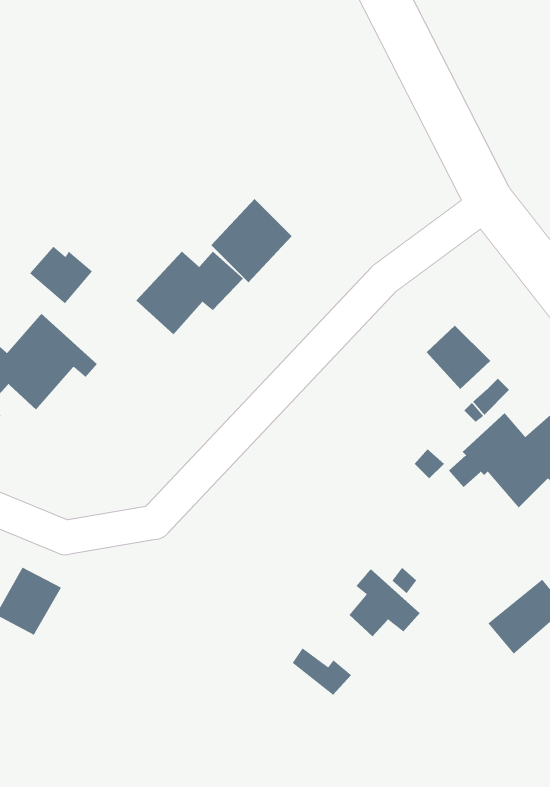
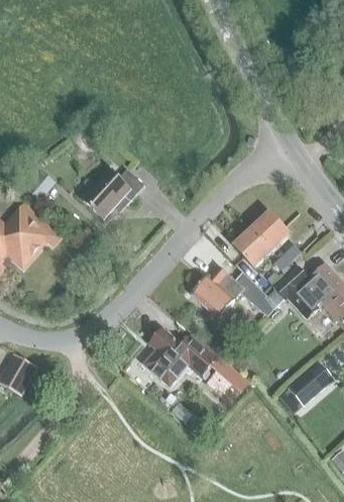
building: [211,198,292,283] -> none
building: none -> [233,228,271,267]
building: none -> [190,266,243,317]
building: none -> [142,328,216,385]

